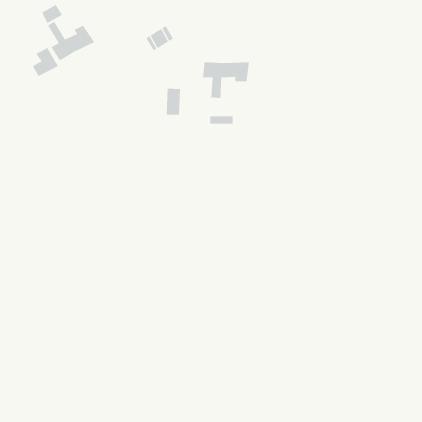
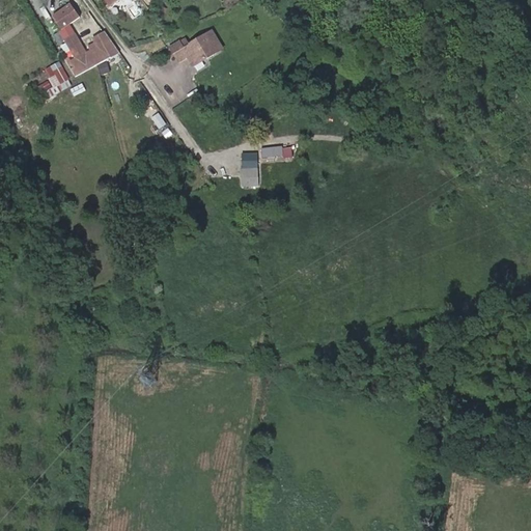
building: [203,62,249,99] -> none
building: [166,88,181,115] -> [241,150,259,185]

